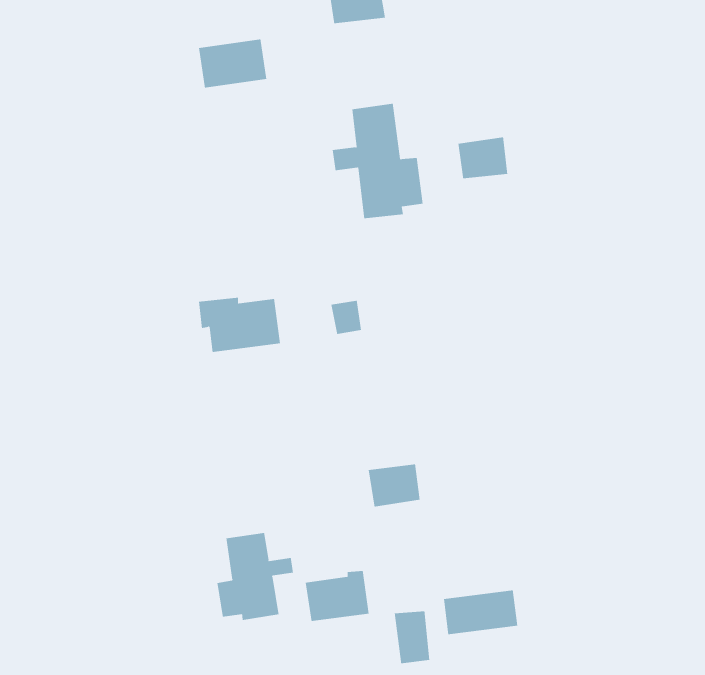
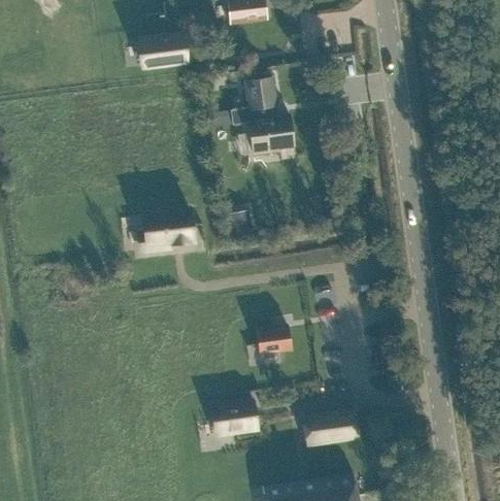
building: [458,137,508,179] -> none
building: [217,532,293,621] -> none
building: [394,610,430,664] -> none

